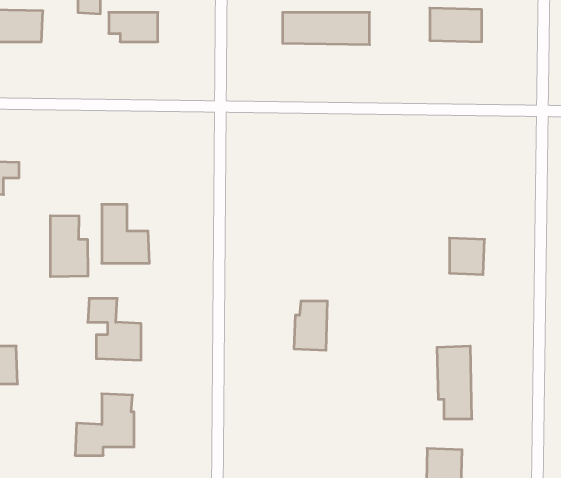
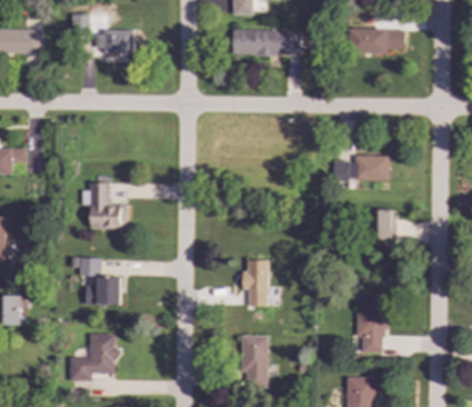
building: none -> [333,155,388,179]
building: [50,216,88,277] -> none
building: none -> [241,331,269,384]

